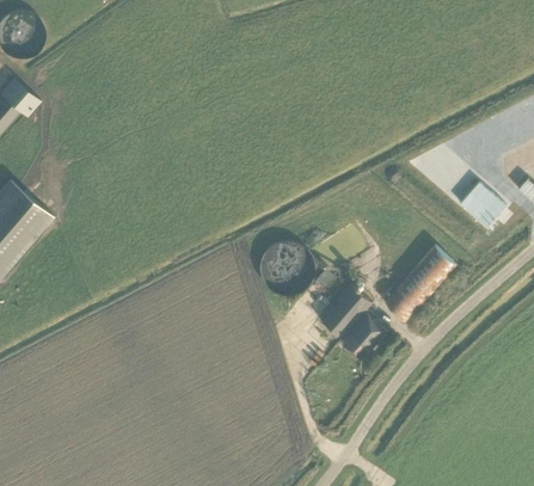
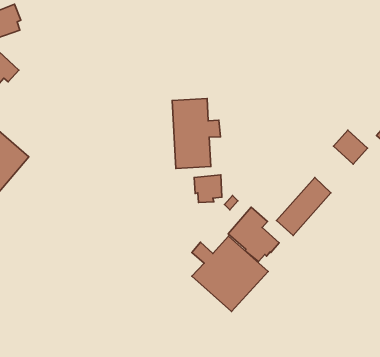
building: none -> [172,99,220,168]
building: none -> [192,236,268,312]

